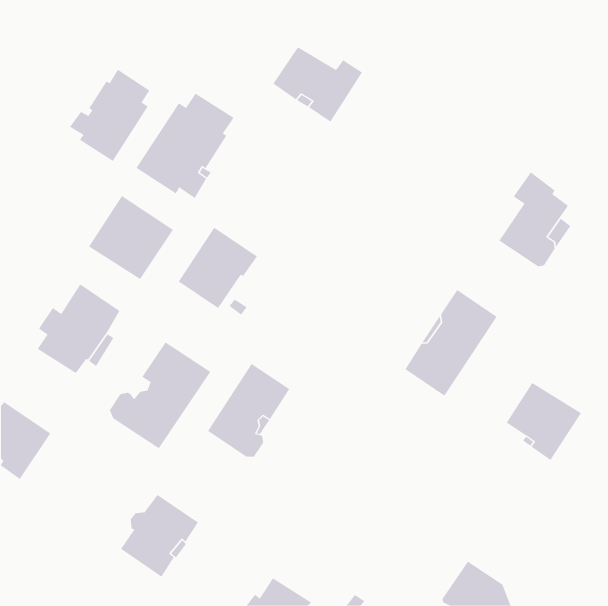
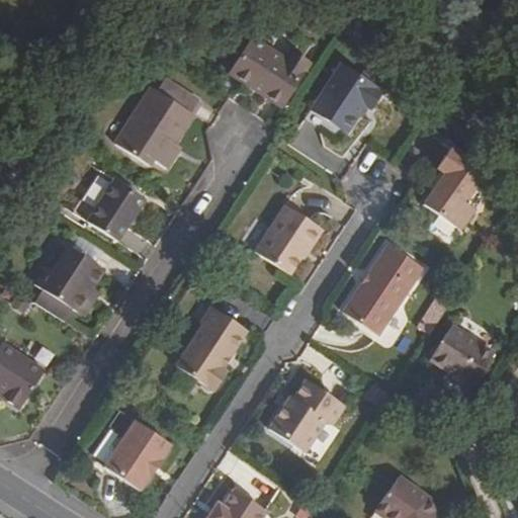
building: [69,69,150,162] -> none
building: none -> [311,63,381,131]
building: [178,227,258,309] -> [255,204,323,274]
building: [109,342,211,449] -> none
building: none -> [267,380,345,447]

